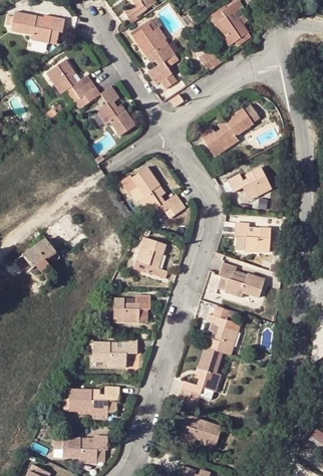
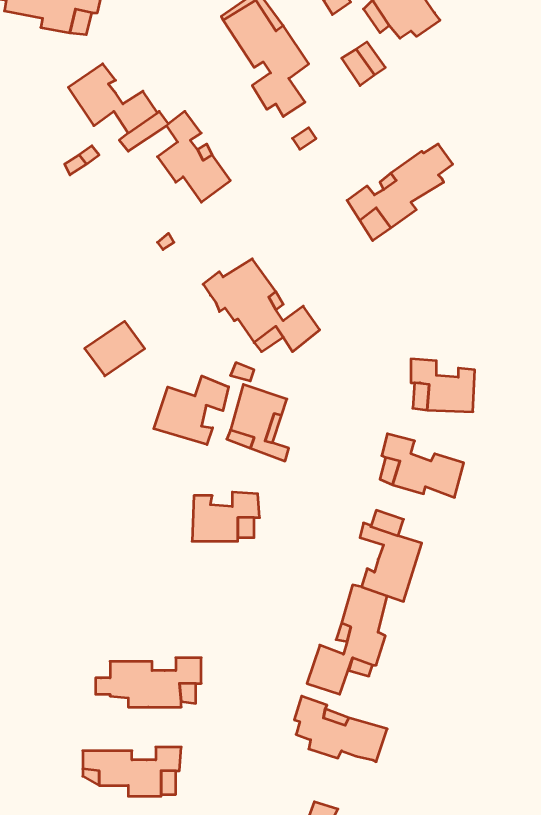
building: [227,167,271,199] -> none
building: none -> [154,376,229,445]
building: [24,235,57,265] -> [85,321,145,376]
building: [92,339,138,367] -> none

